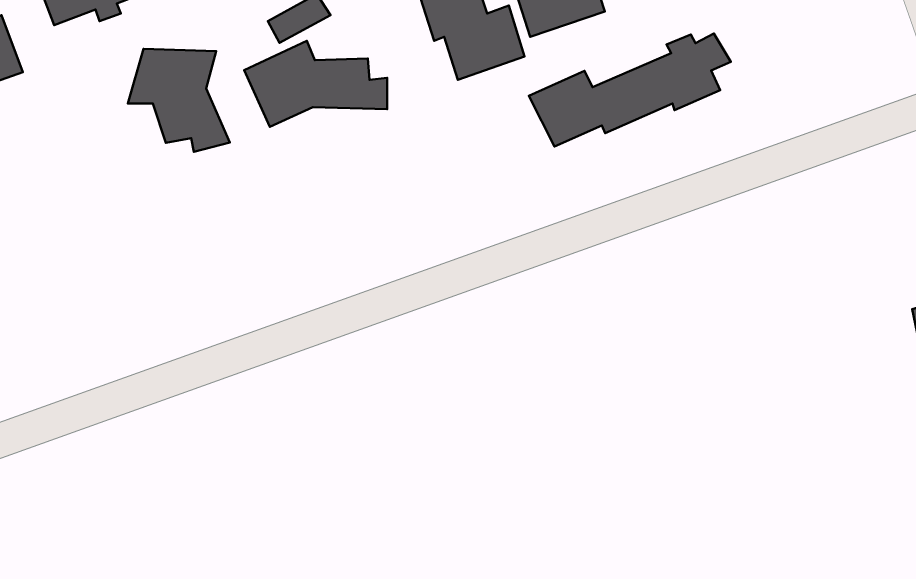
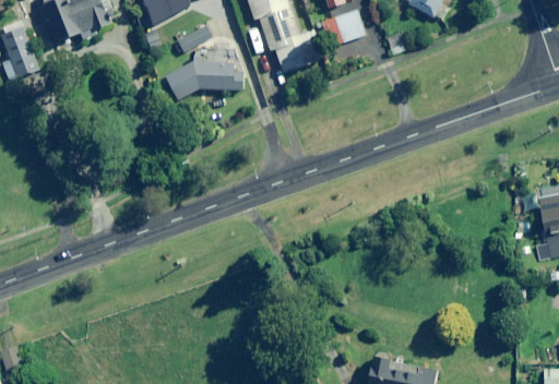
building: [529,34,731,147] -> none
building: [128,49,230,152] -> none

